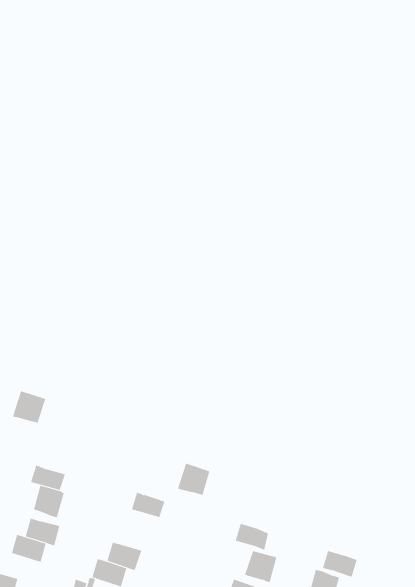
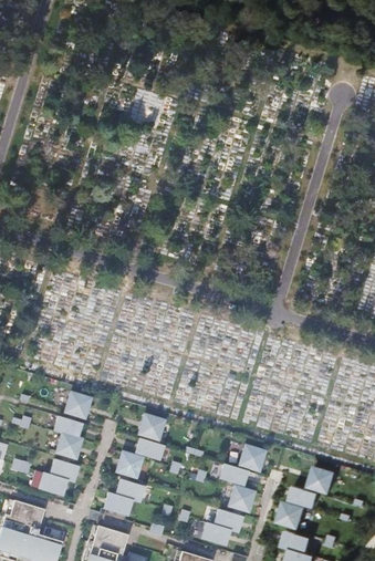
building: [12,391,46,423] -> [64,392,92,418]
building: [177,463,210,496] -> [138,414,165,440]
building: none -> [239,445,265,471]
building: none -> [116,451,143,478]
building: none -> [310,466,336,494]

